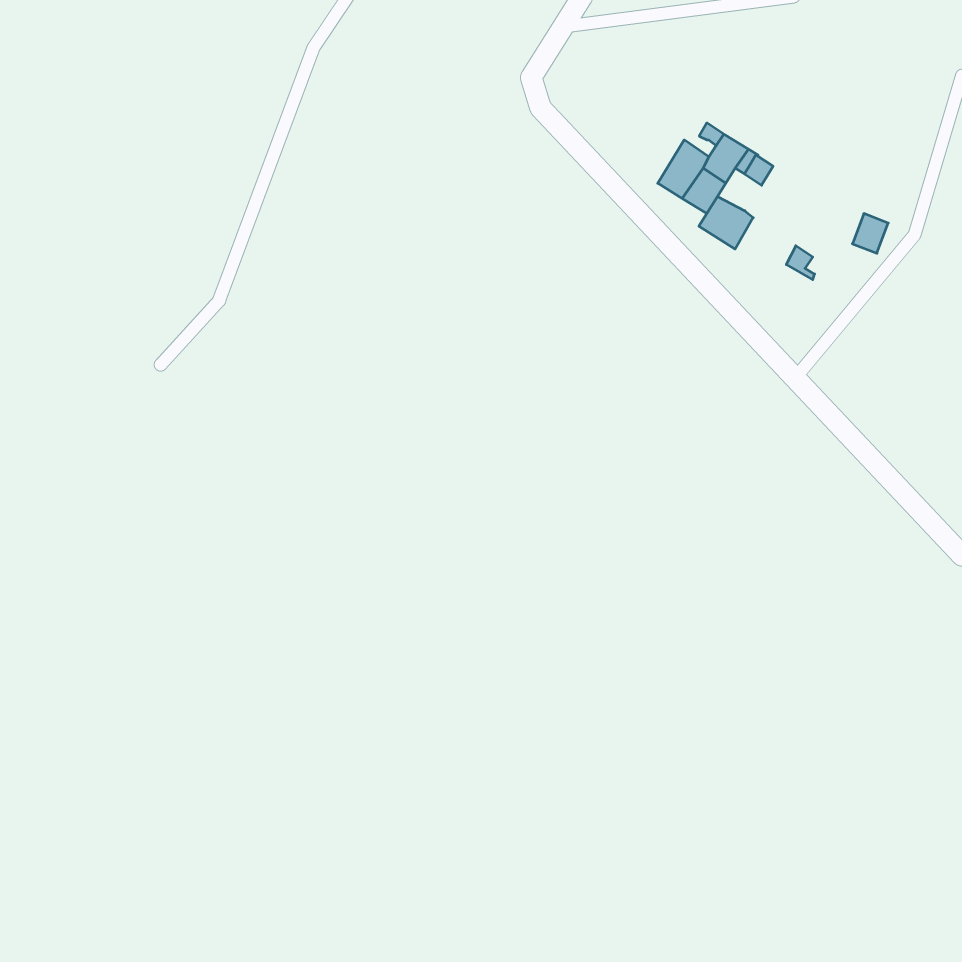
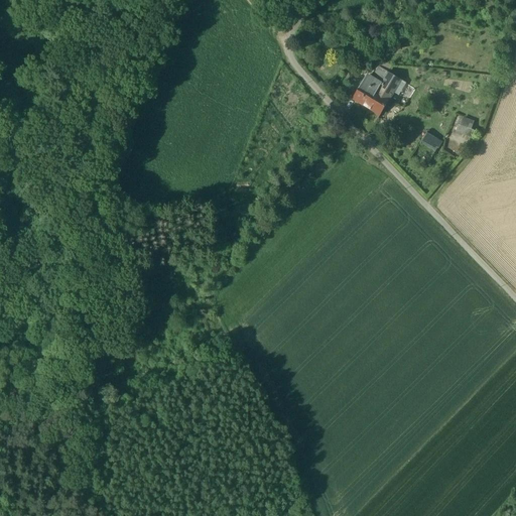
building: [699,196,753,249] -> none

